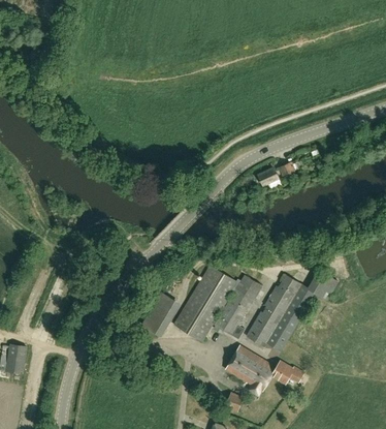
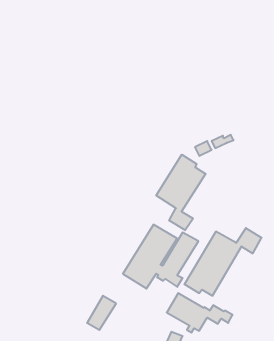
building: none -> [156,155,206,230]
building: [142,293,176,333] -> [87,296,116,330]

